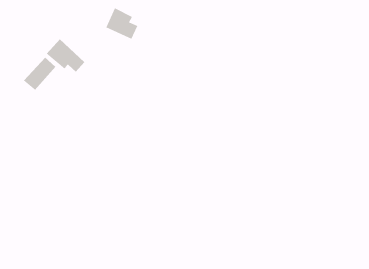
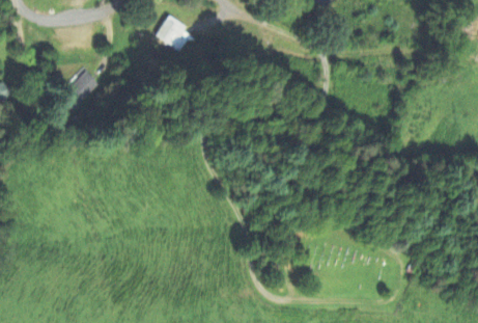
building: [46,39,85,73] -> none

